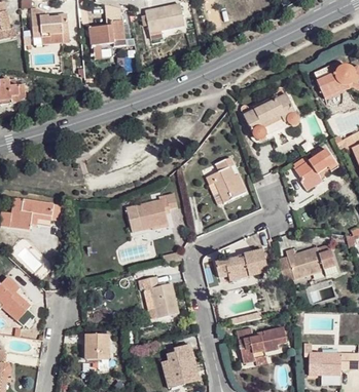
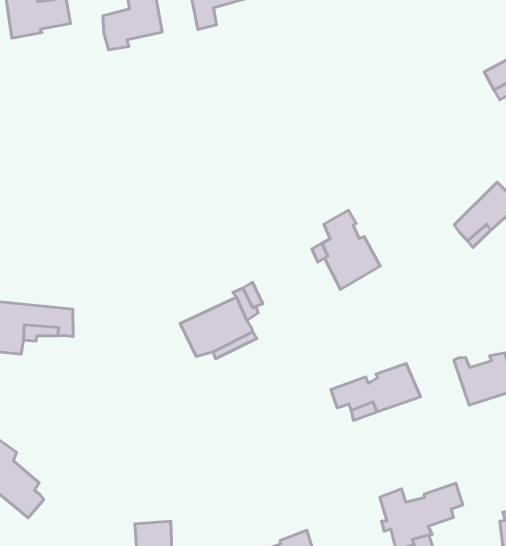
building: [243,92,301,141] -> none
building: [141,276,177,316] -> none

